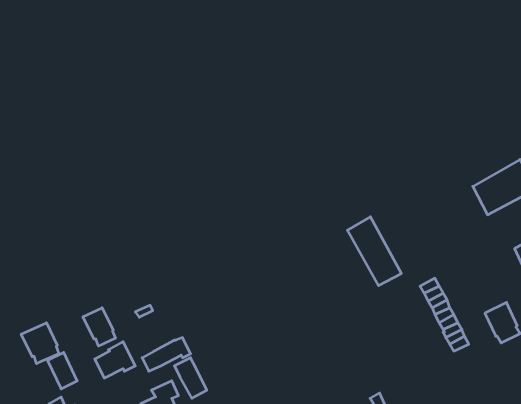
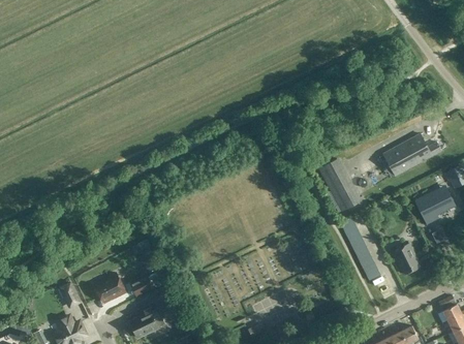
building: [347,217,401,286] -> [318,158,360,211]
building: [83,308,115,346] -> none
building: [21,323,59,364] -> none

